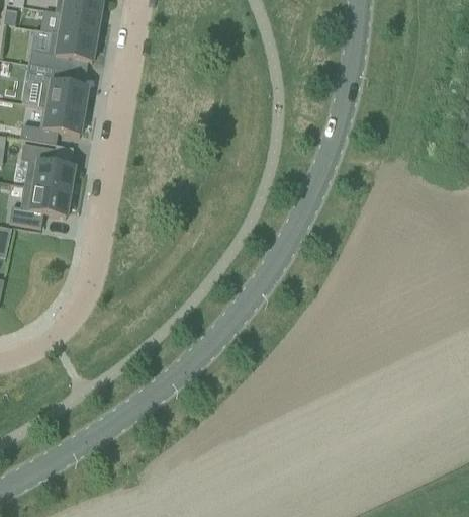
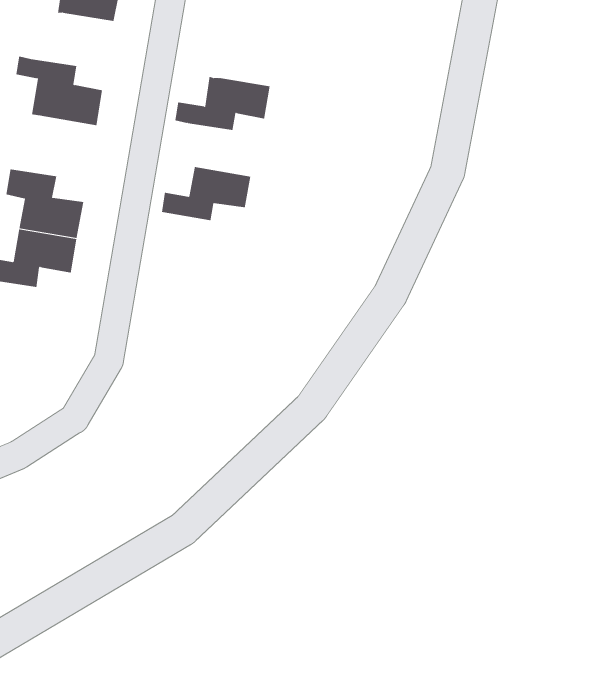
building: [27,31,95,70] -> [175,76,270,130]
building: [19,105,83,144] -> [161,166,251,221]

